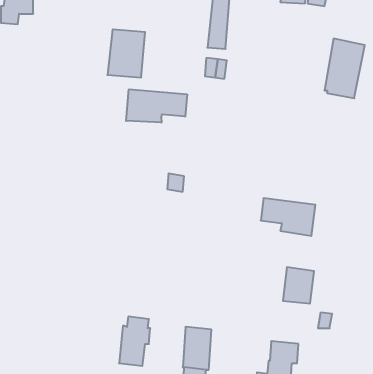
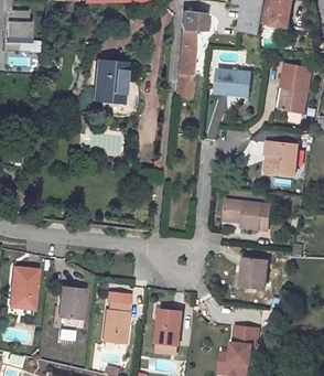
building: none -> [216,72,251,105]
building: [126,89,187,123] -> none
building: none -> [267,142,299,176]
building: none -> [11,265,36,305]
building: none -> [60,283,85,315]

